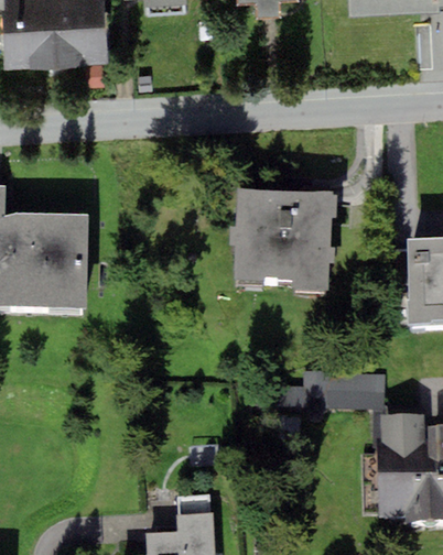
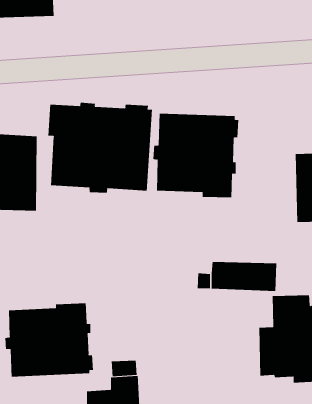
building: none -> [48,102,152,194]
building: none -> [5,302,94,377]

